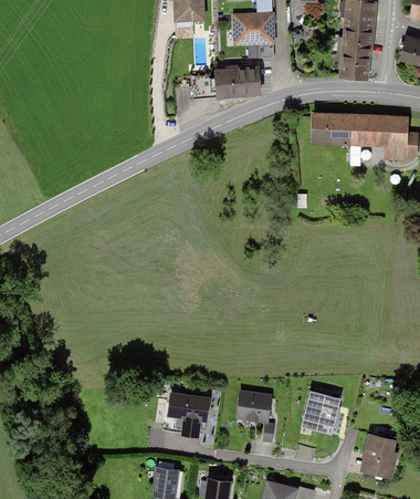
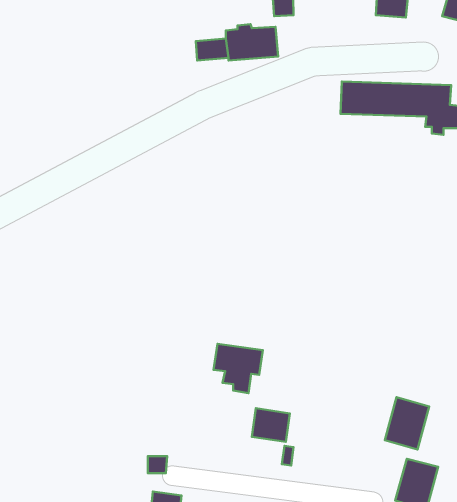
building: [340,58,368,79] -> none
building: [302,391,339,435] -> [385,397,429,449]
building: [167,393,209,435] -> [213,344,263,393]

